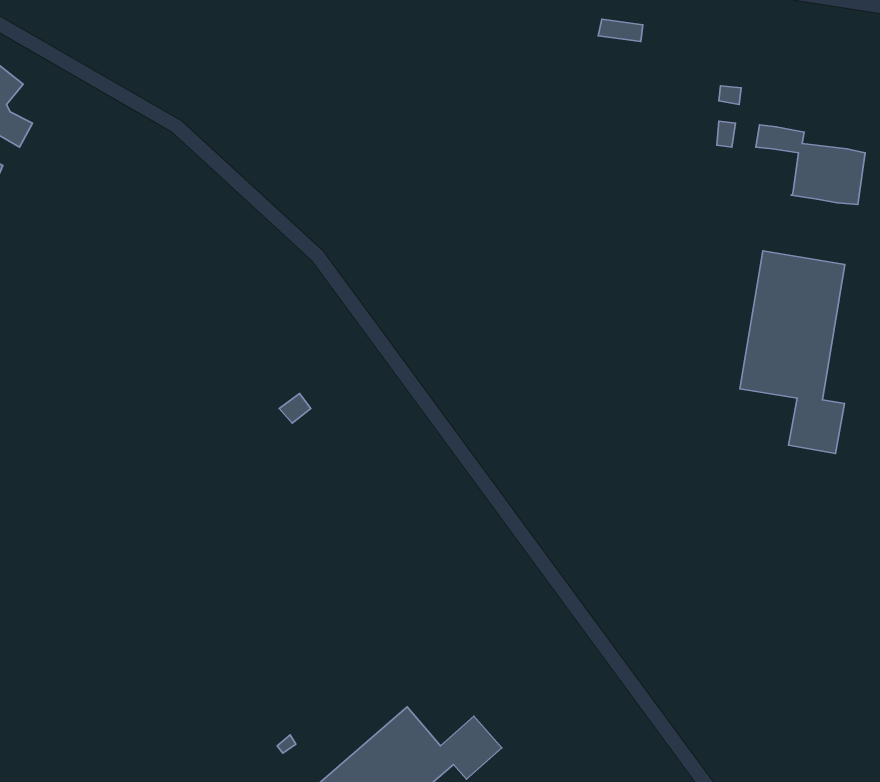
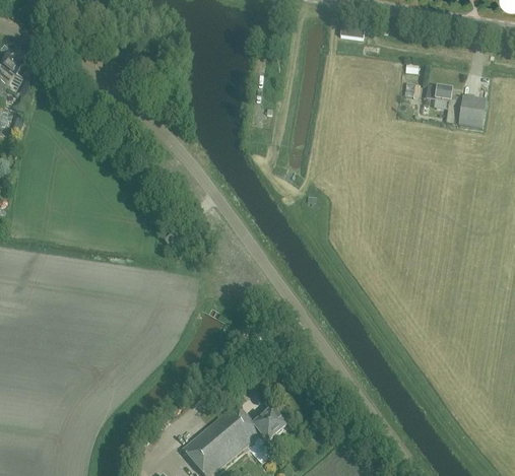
building: [740,251,845,454] -> none

